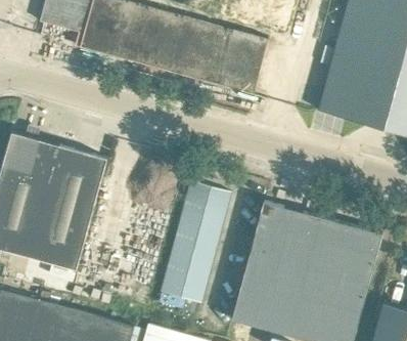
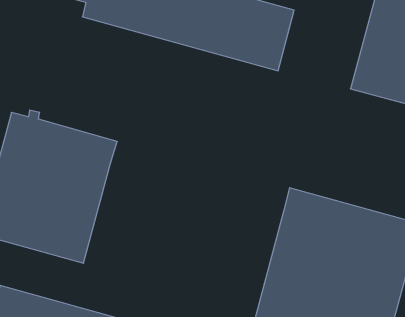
building: [161,181,230,304] -> none

